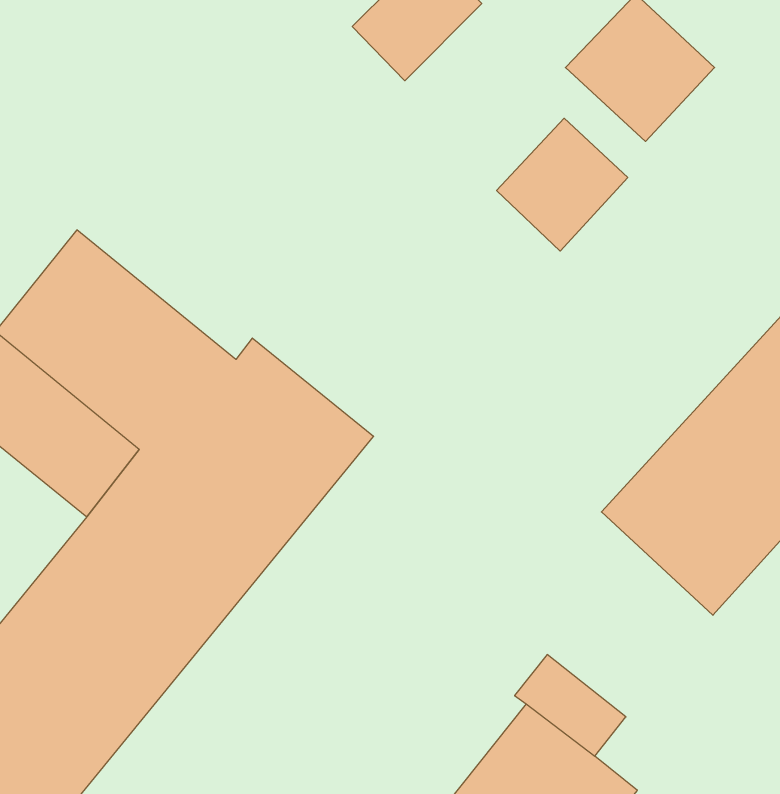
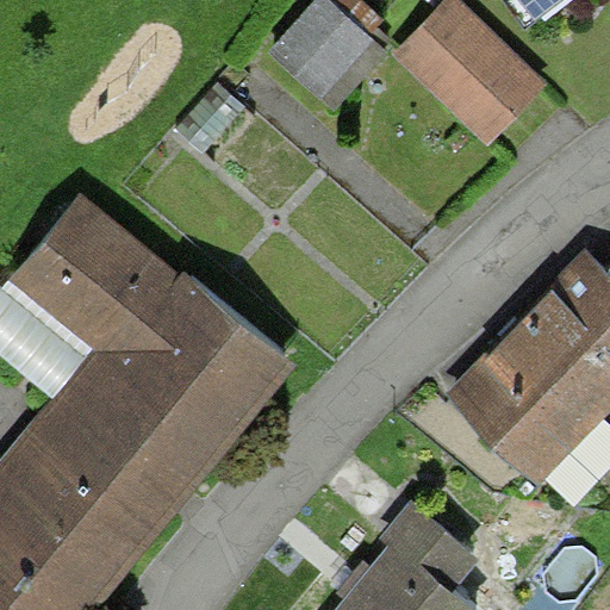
building: [497,118,628,251] -> none

